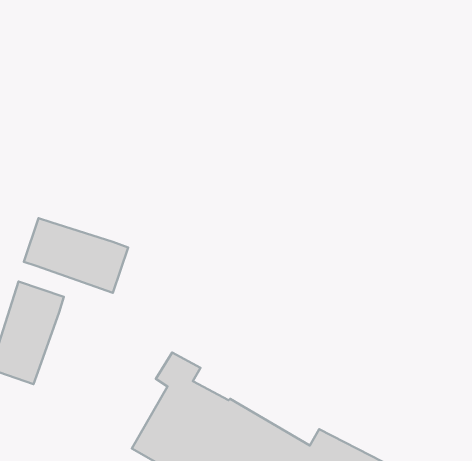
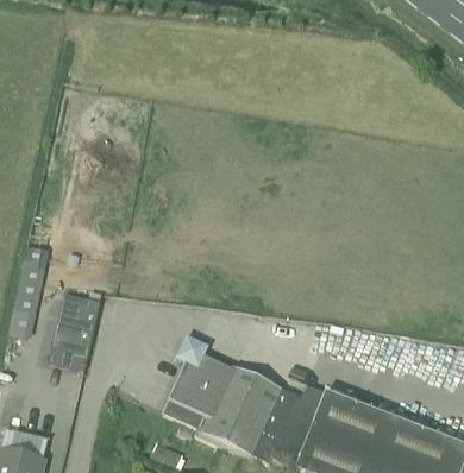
building: [24,218,128,293] -> none

